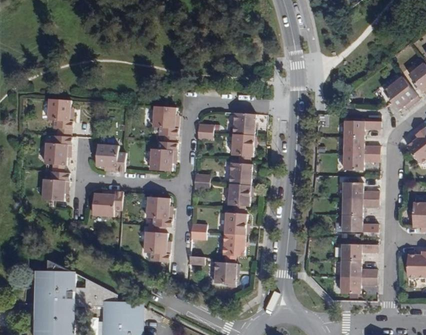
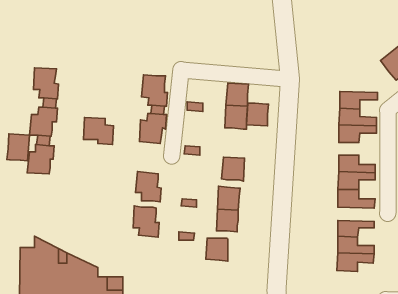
building: none -> [7,134,29,161]
building: [231,163,252,185] -> [247,103,268,126]
building: [93,191,123,215] -> none

